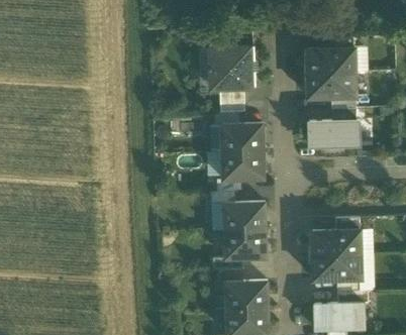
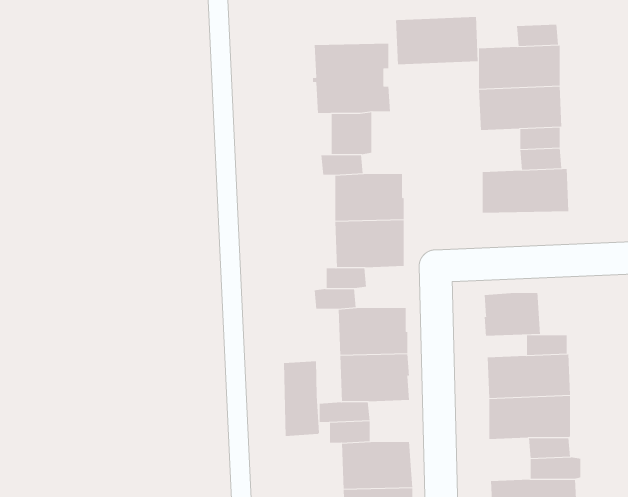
building: none -> [395,16,478,65]
building: none -> [484,292,540,337]
building: none -> [283,360,320,437]

